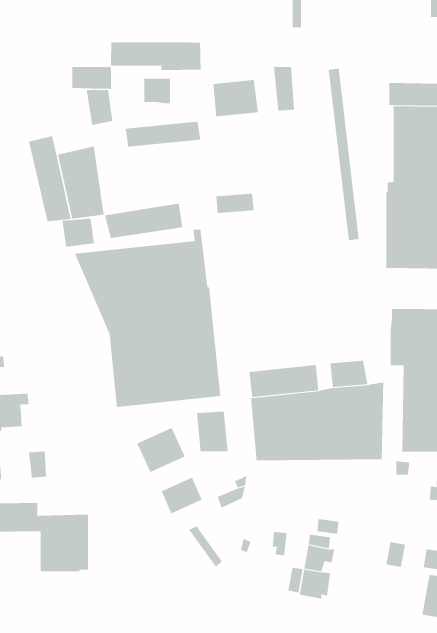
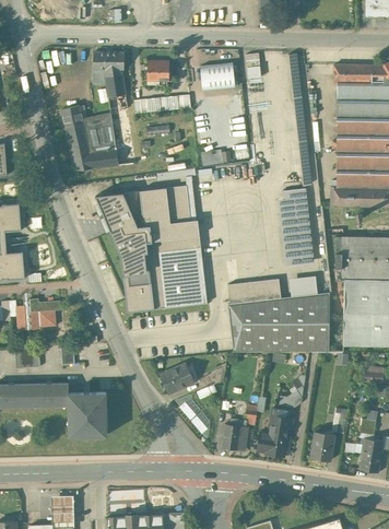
building: [110,42,201,71] -> none
building: [105,203,183,239] -> none
building: [62,218,94,247] -> none
building: none -> [278,188,314,265]
building: [196,411,228,452] -> none
building: [136,427,186,473] -> none
building: none -> [221,419,247,450]
building: none -> [310,432,334,460]

